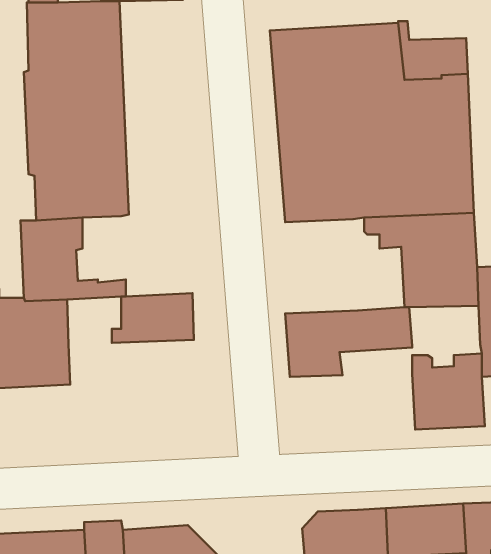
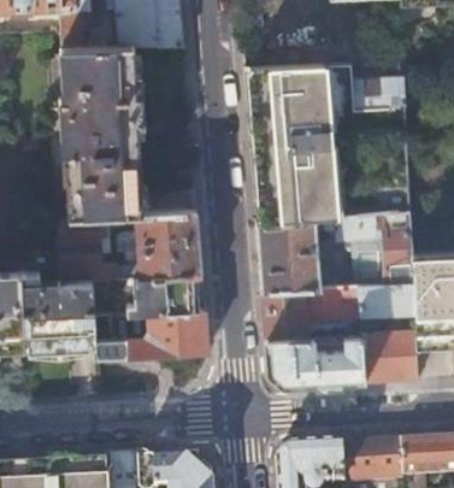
building: none -> [118,212,202,278]
building: none -> [258,218,325,292]
building: none -> [360,286,415,317]
building: none -> [95,311,208,359]
building: none -> [267,339,365,386]

